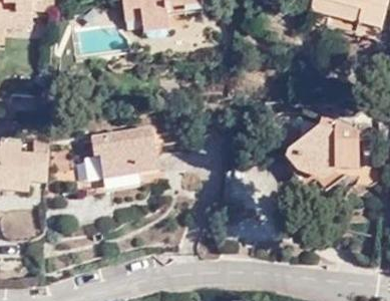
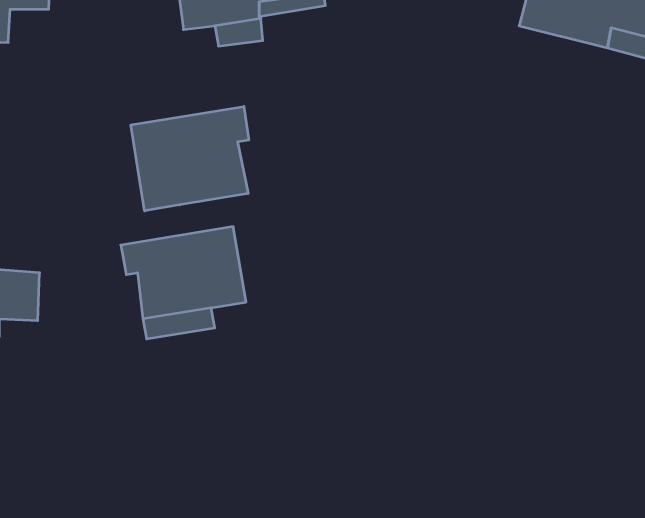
building: none -> [131,106,249,211]
building: [286,123,357,175] -> none

